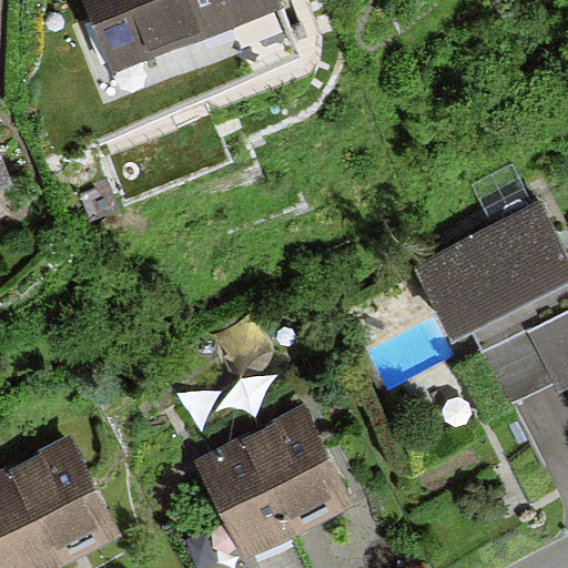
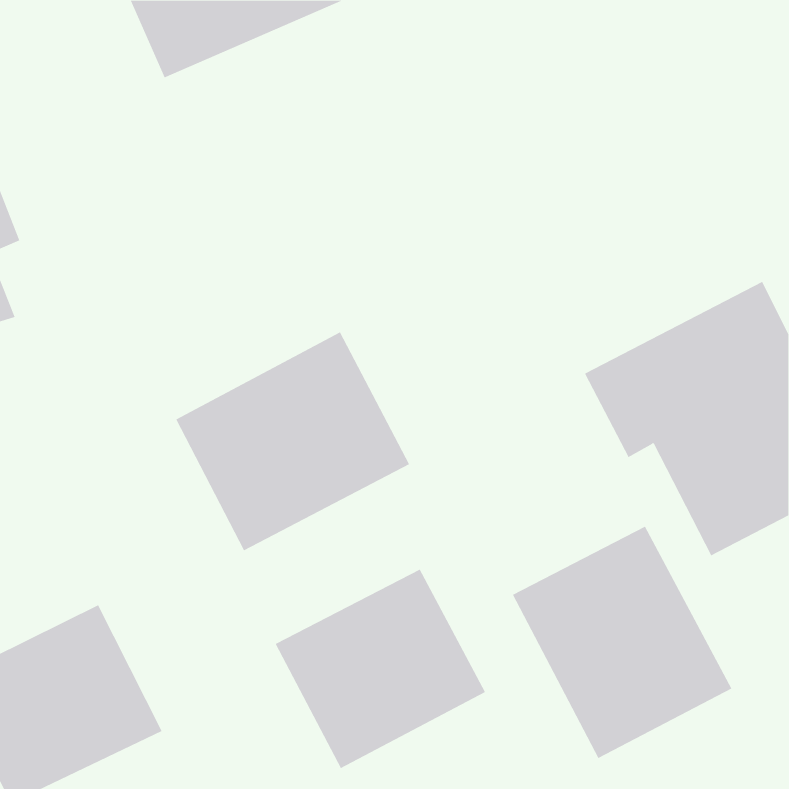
building: none -> [175,332,410,551]
building: none -> [512,526,732,759]

